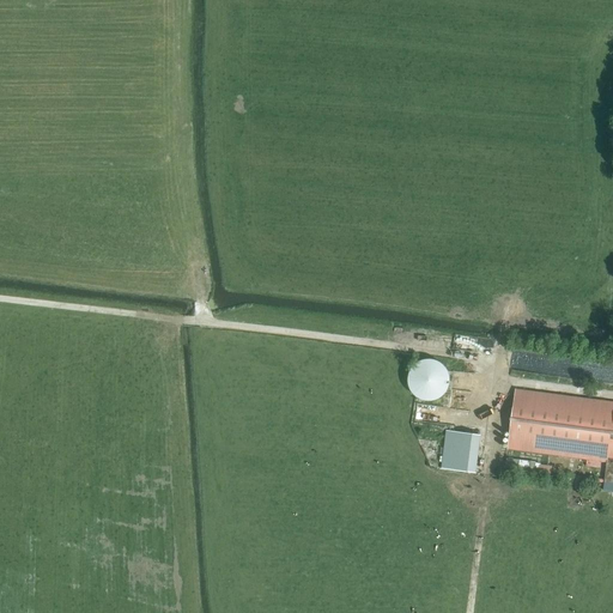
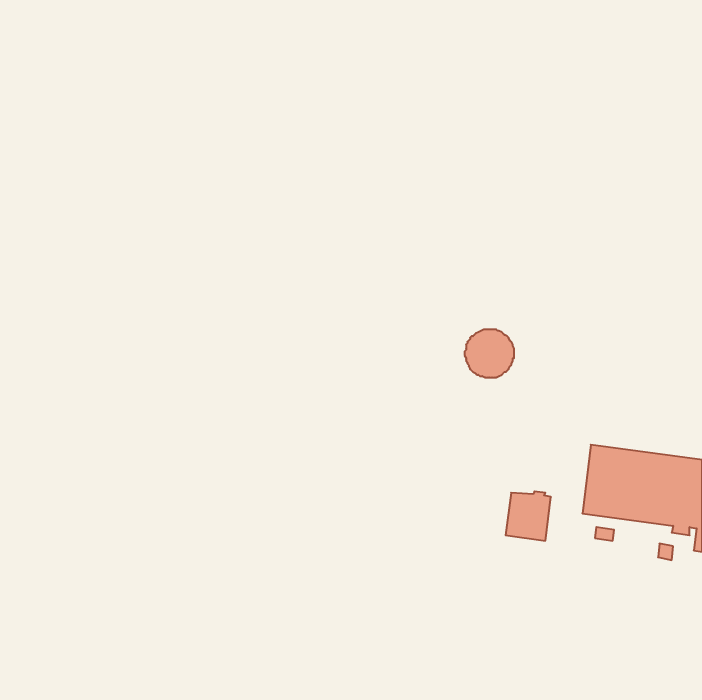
building: [407,358,450,400] -> [465,329,514,377]

